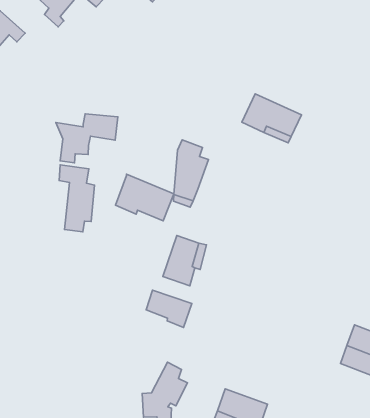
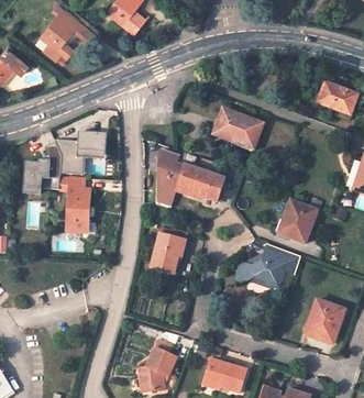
building: none -> [24,161,49,195]
building: [116,174,174,221] -> [178,165,227,202]
building: none -> [274,187,317,242]
building: none -> [233,243,299,289]
building: [146,290,192,328] -> none

